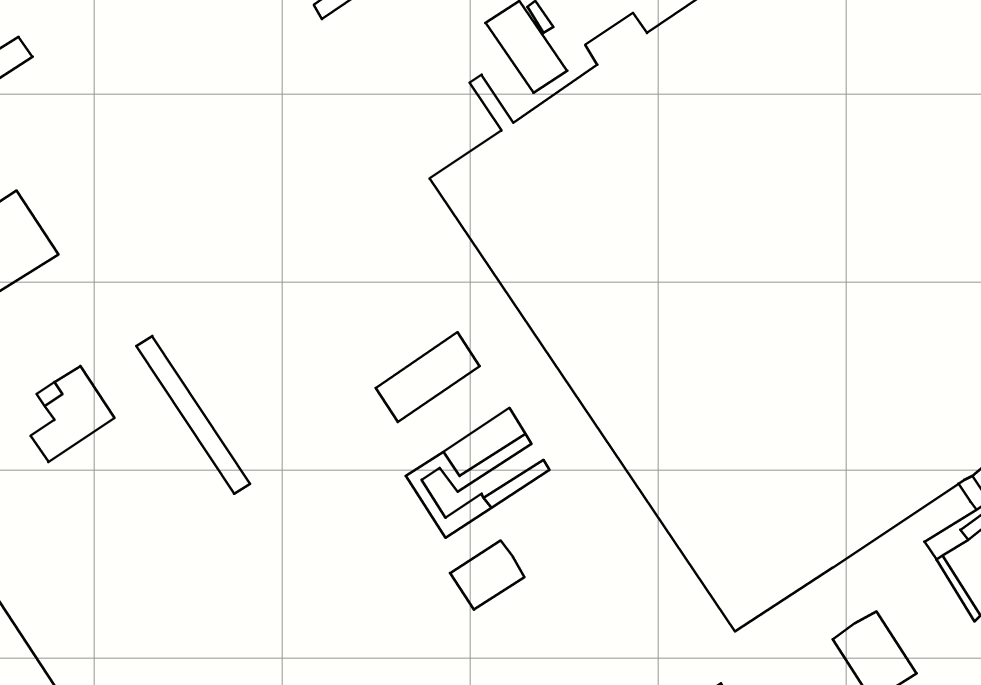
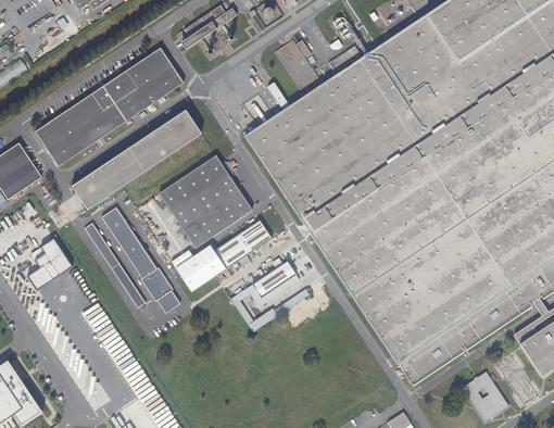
building: none -> [35,48,184,165]
building: none -> [72,110,201,210]
building: none -> [159,154,252,248]
building: none -> [102,206,180,312]
building: none -> [176,244,226,291]
building: [450,541,524,610] -> none

